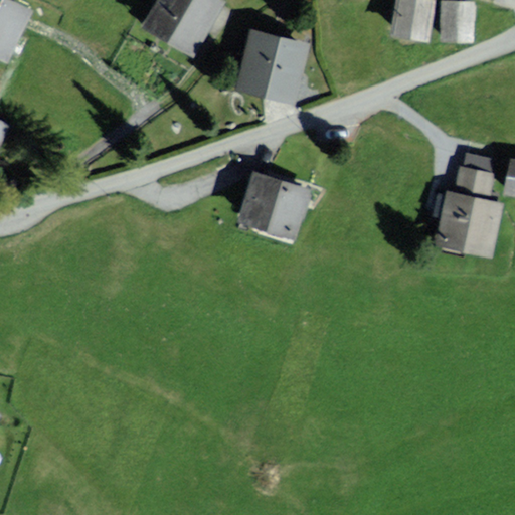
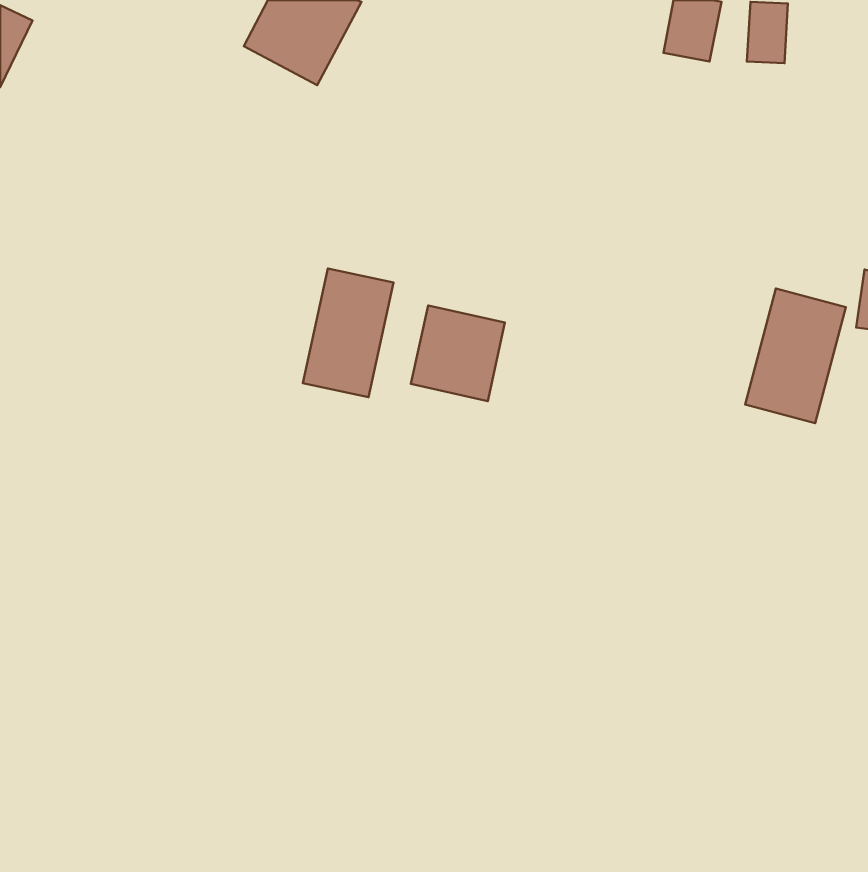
building: [242,35,301,97] -> none
building: none -> [303,269,393,397]

